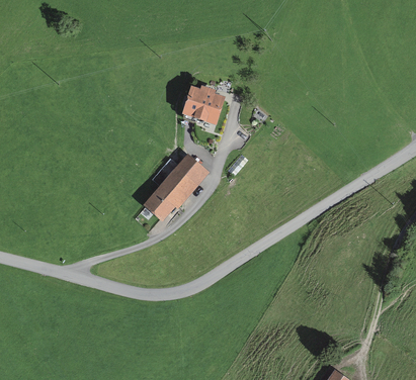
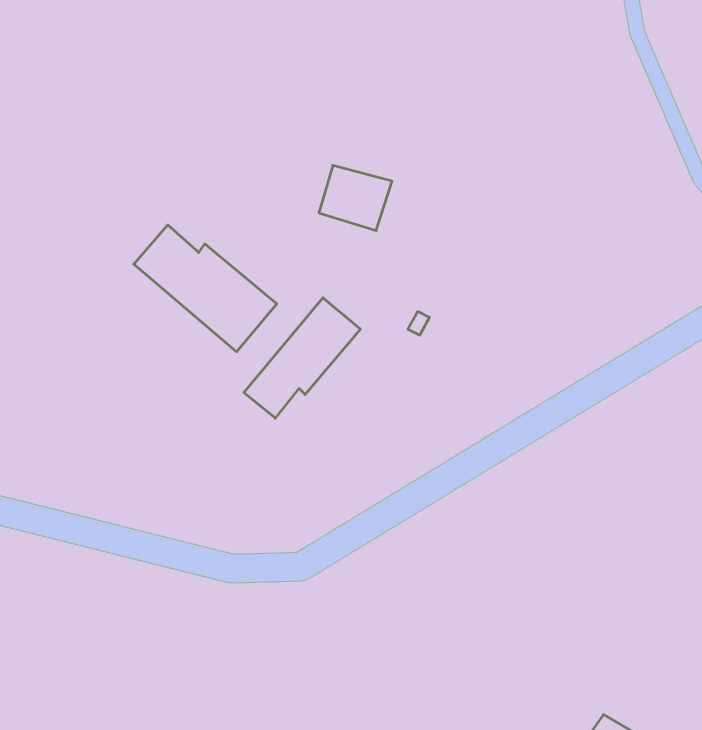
building: none -> [134,225,277,352]

